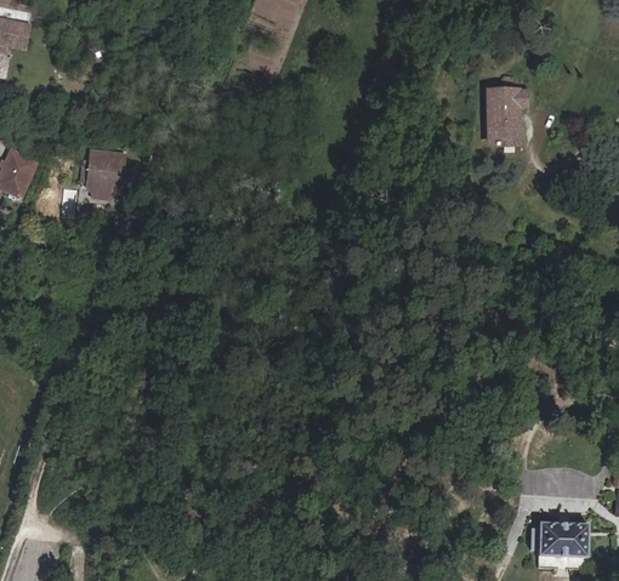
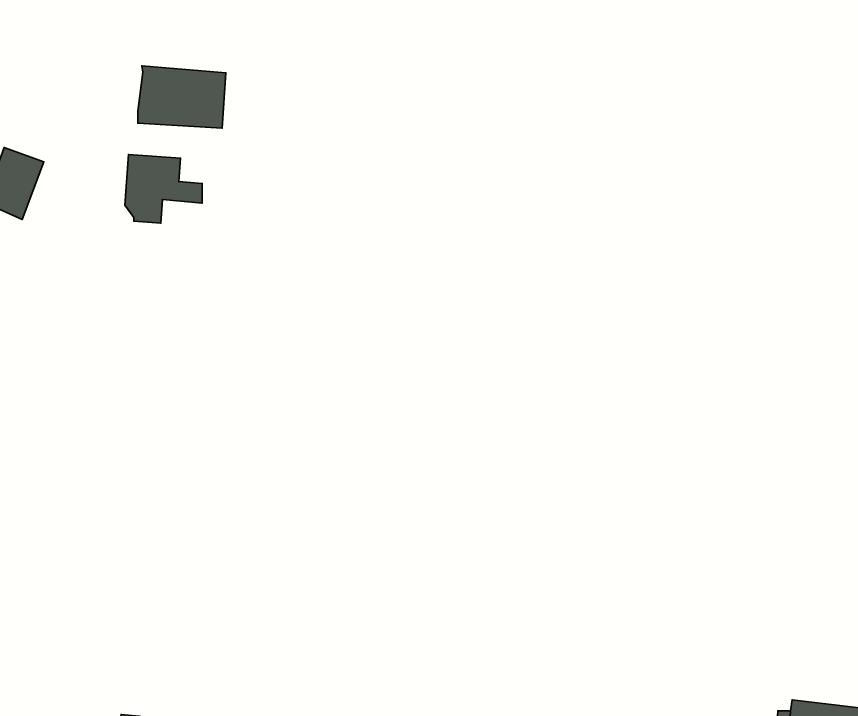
building: [484,86,526,141] -> none
building: none -> [138,66,226,128]

